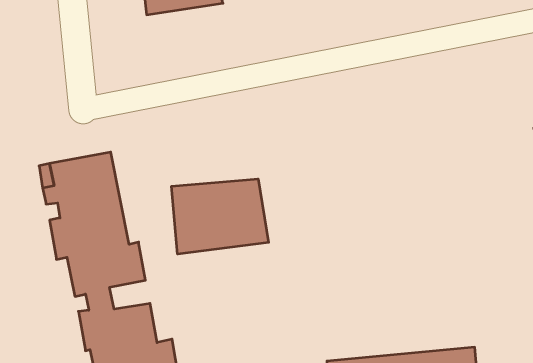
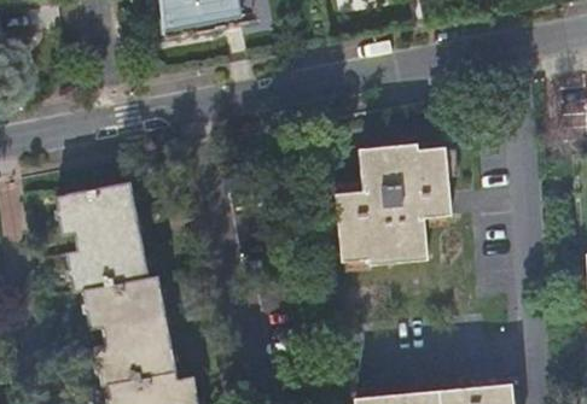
building: none -> [336,145,448,264]
building: [172,179,269,254] -> none

